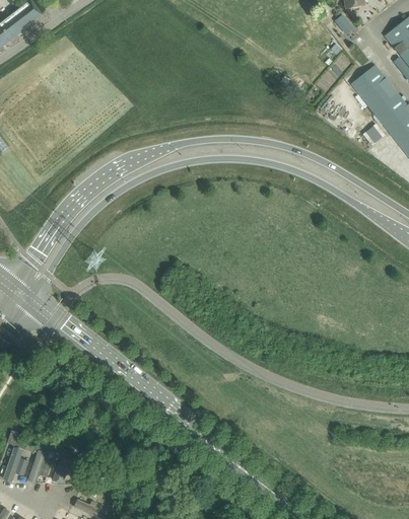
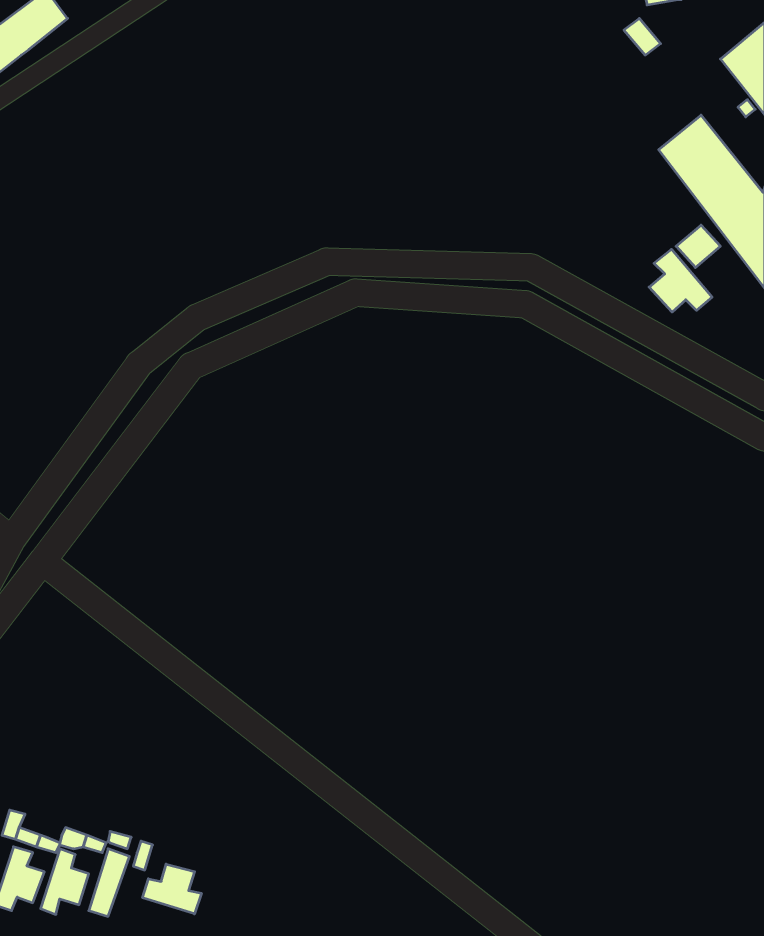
building: none -> [649,249,712,312]
building: none -> [143,864,201,914]

